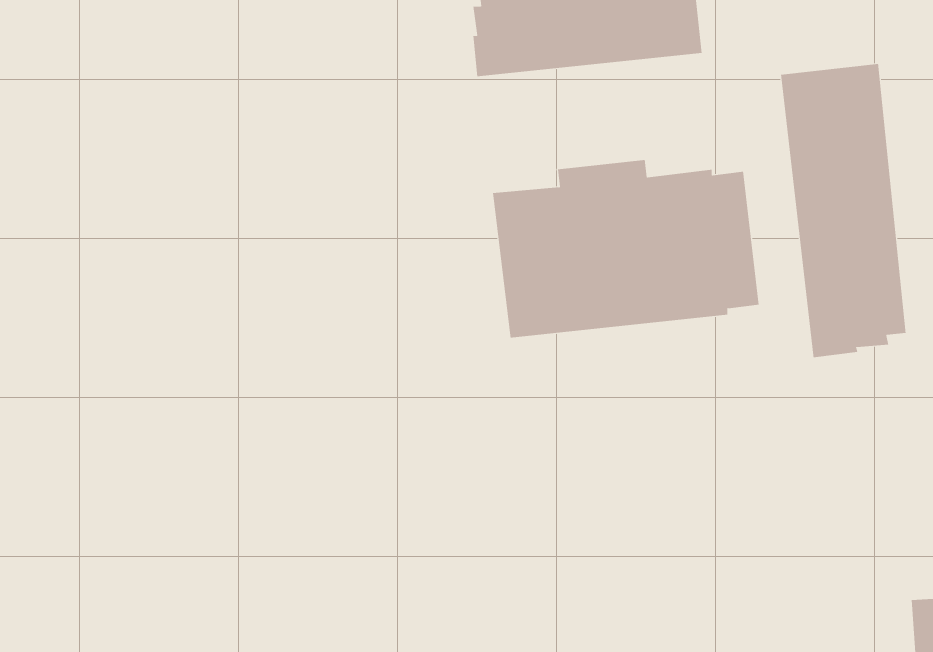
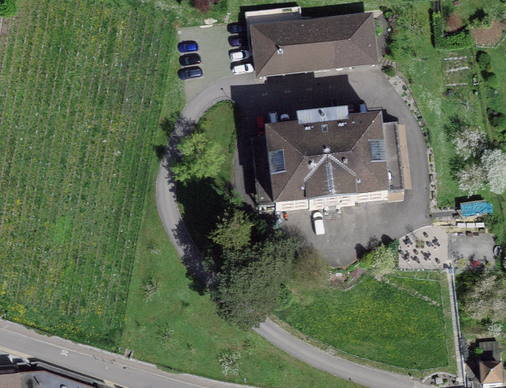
building: [781,63,906,358] -> none

